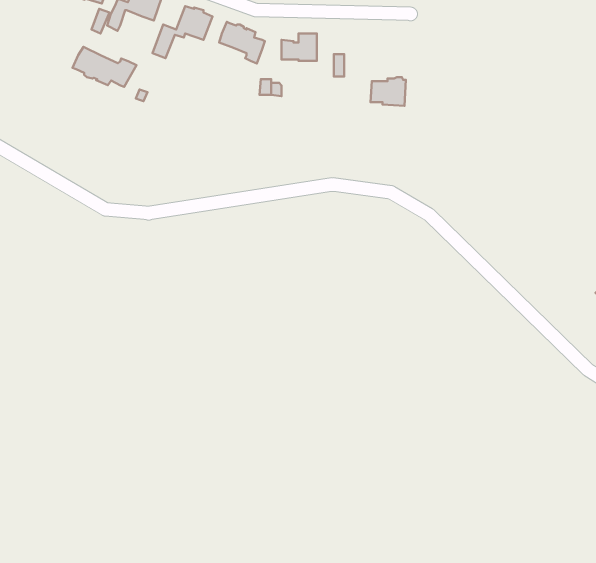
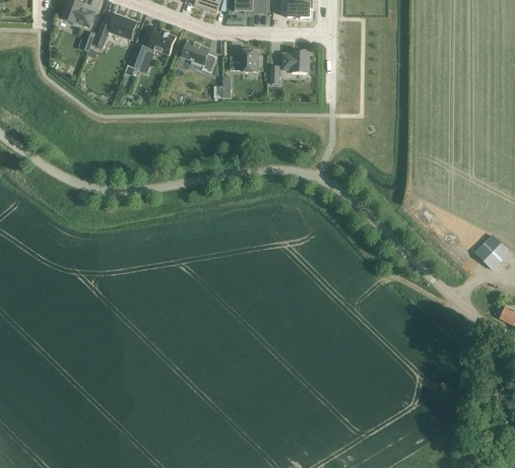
building: [72,47,136,87] -> none
building: [371,77,406,106] -> [281,50,309,72]

